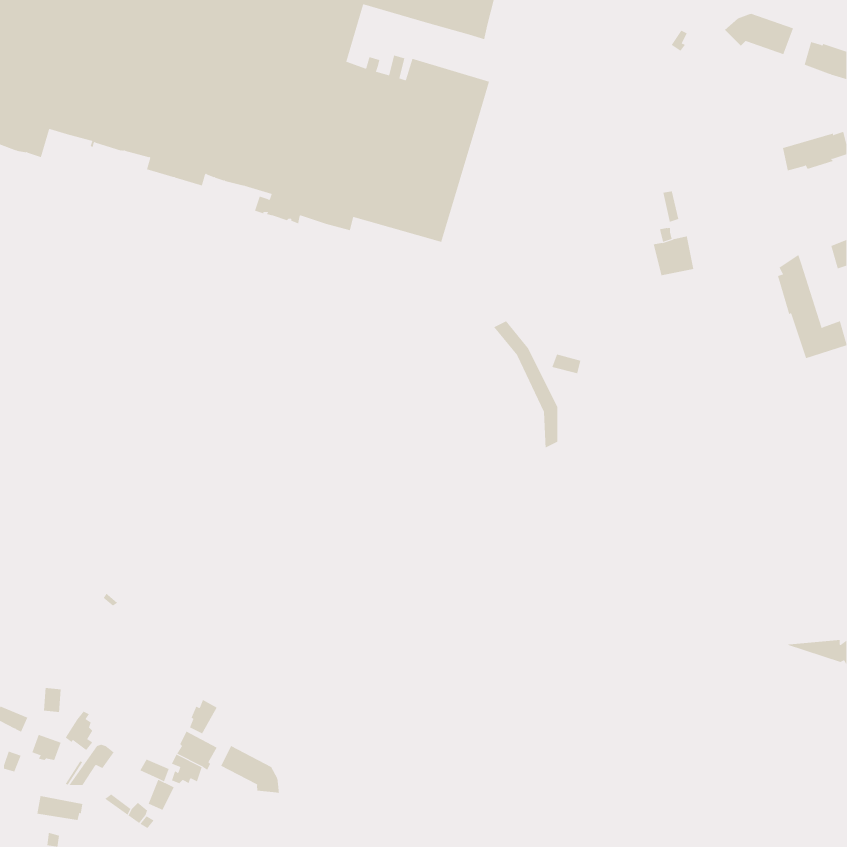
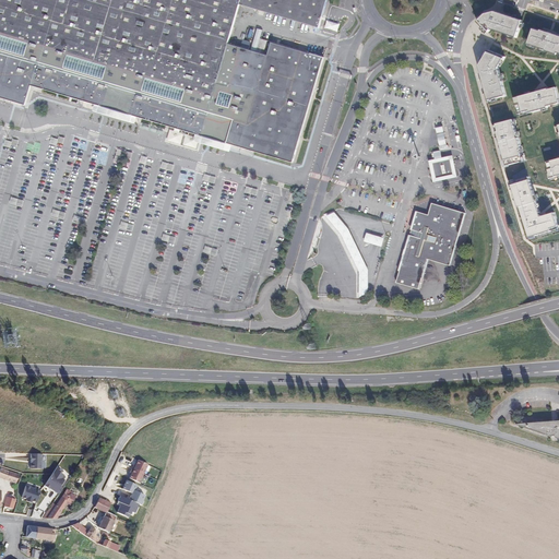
building: none -> [479,49,506,99]
building: none -> [497,118,522,165]
building: none -> [395,202,464,288]
building: [221,745,280,793] -> none

